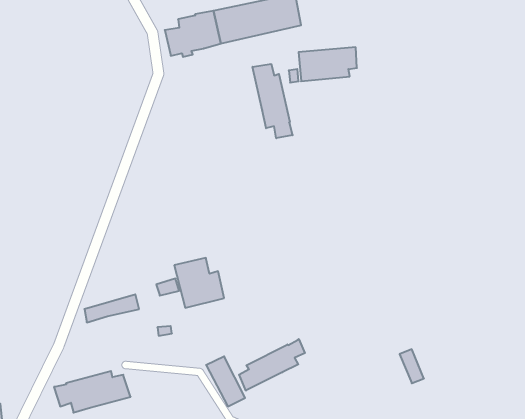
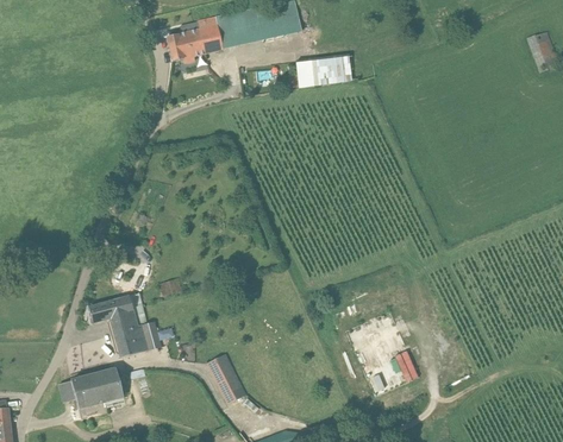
building: [253,64,293,138] -> none
building: [174,258,224,308] -> [110,308,158,356]
building: [239,339,305,391] -> none

